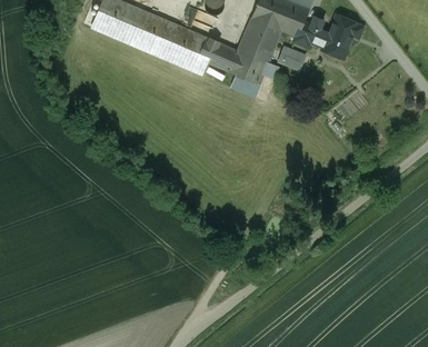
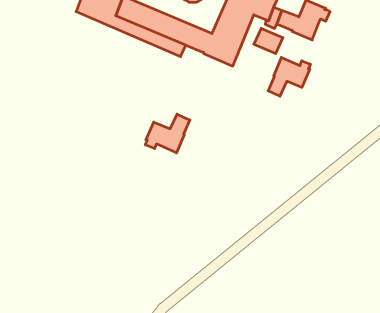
building: none -> [268,57,310,96]
building: none -> [145,114,190,153]

